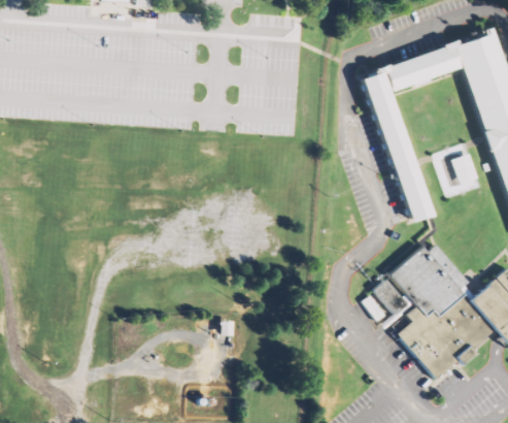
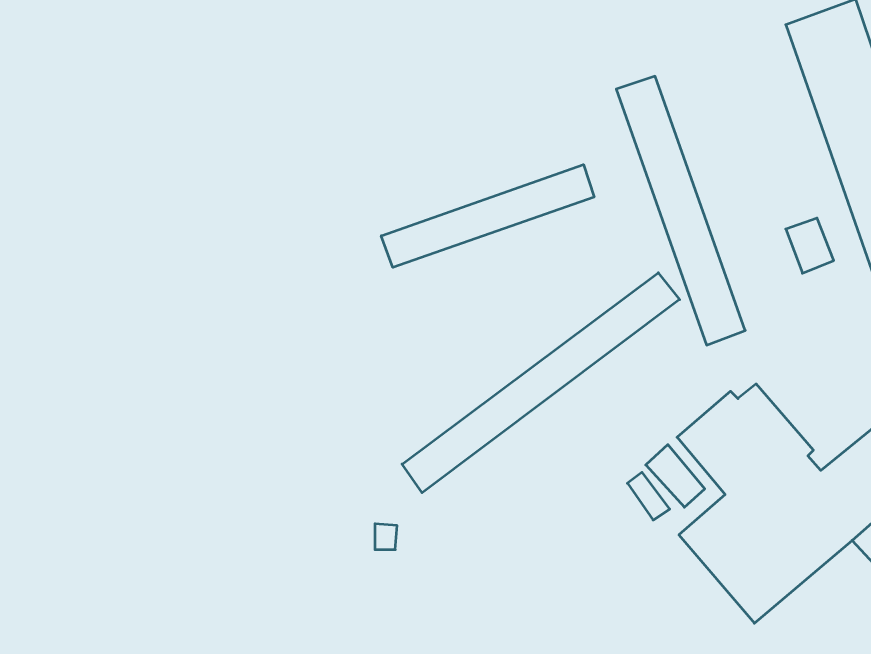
building: [385,42,459,90] -> none
building: none -> [381,165,594,267]
building: none -> [402,273,680,493]

